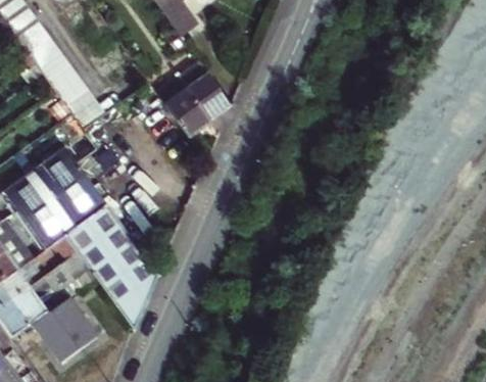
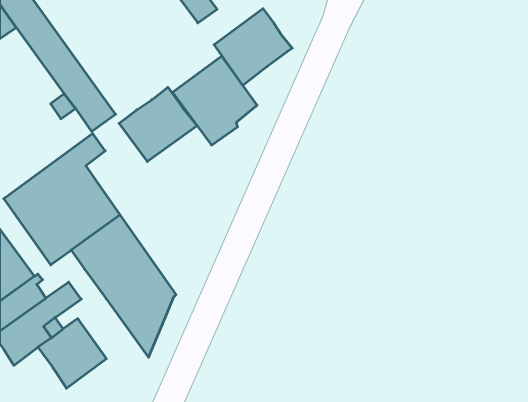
building: none -> [214,9,292,86]
building: none -> [119,87,197,162]

